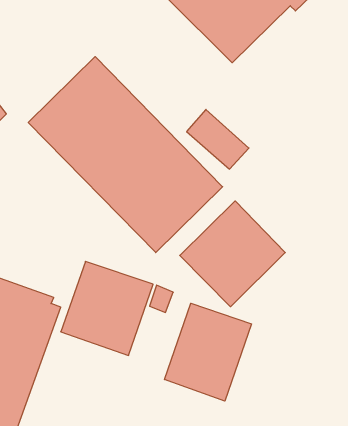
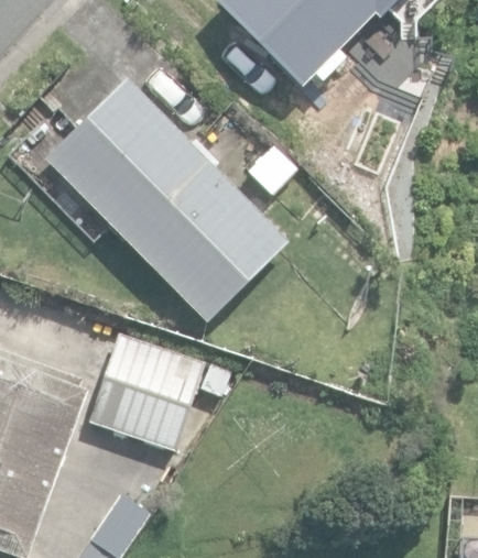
building: [180,201,285,307] -> none
building: [165,303,251,401] -> none

